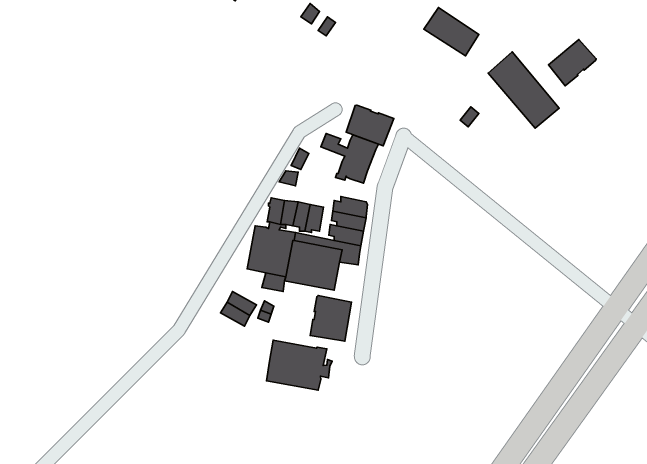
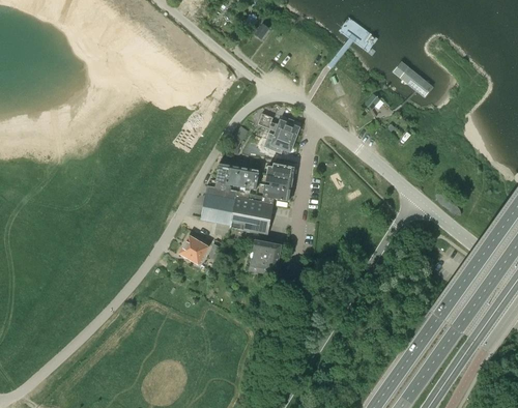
building: [549,40,596,86] -> none
building: [346,105,394,146] -> none
building: [266,340,332,390] -> none

